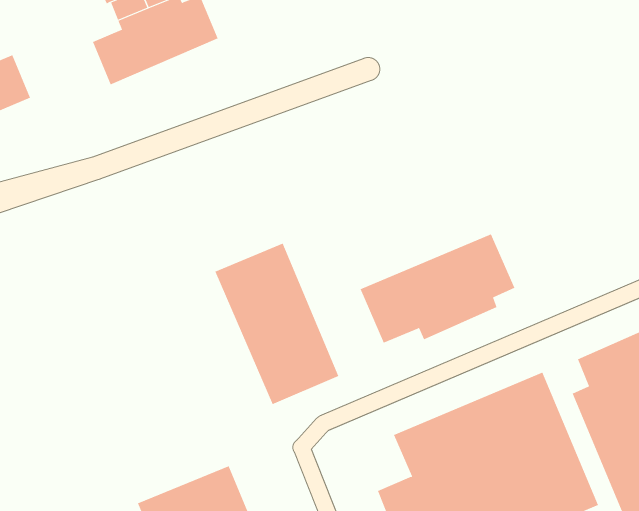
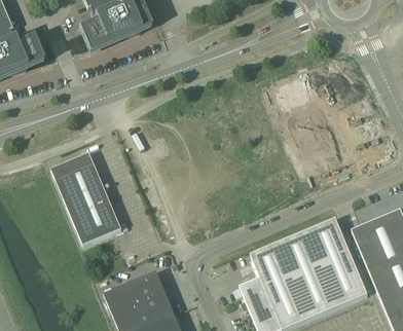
building: [360,233,515,344] -> none
building: [215,243,339,405] -> [50,152,121,245]

